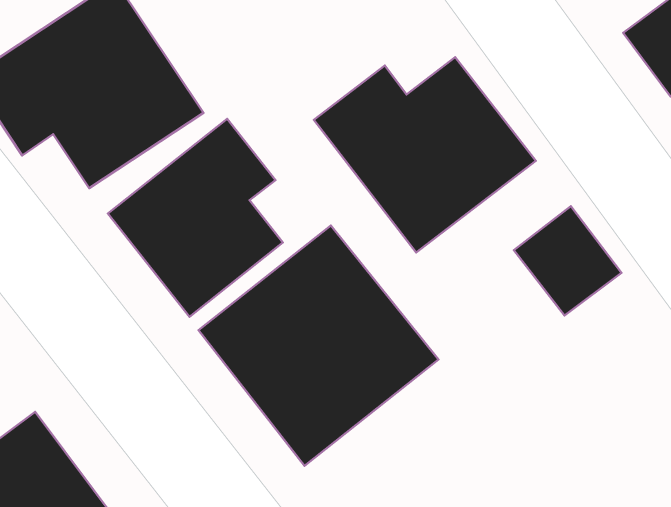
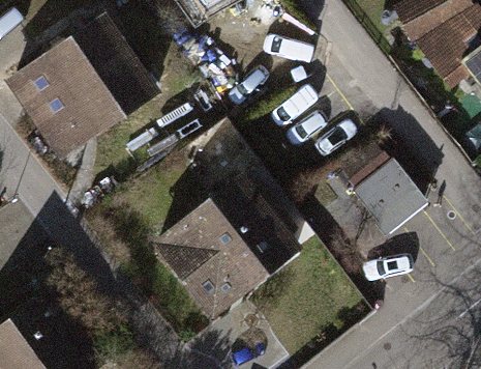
building: [314,57,536,252] -> none
building: [108,119,283,317] -> none

